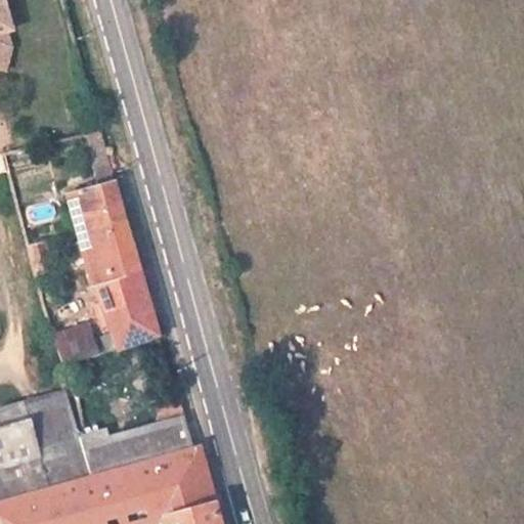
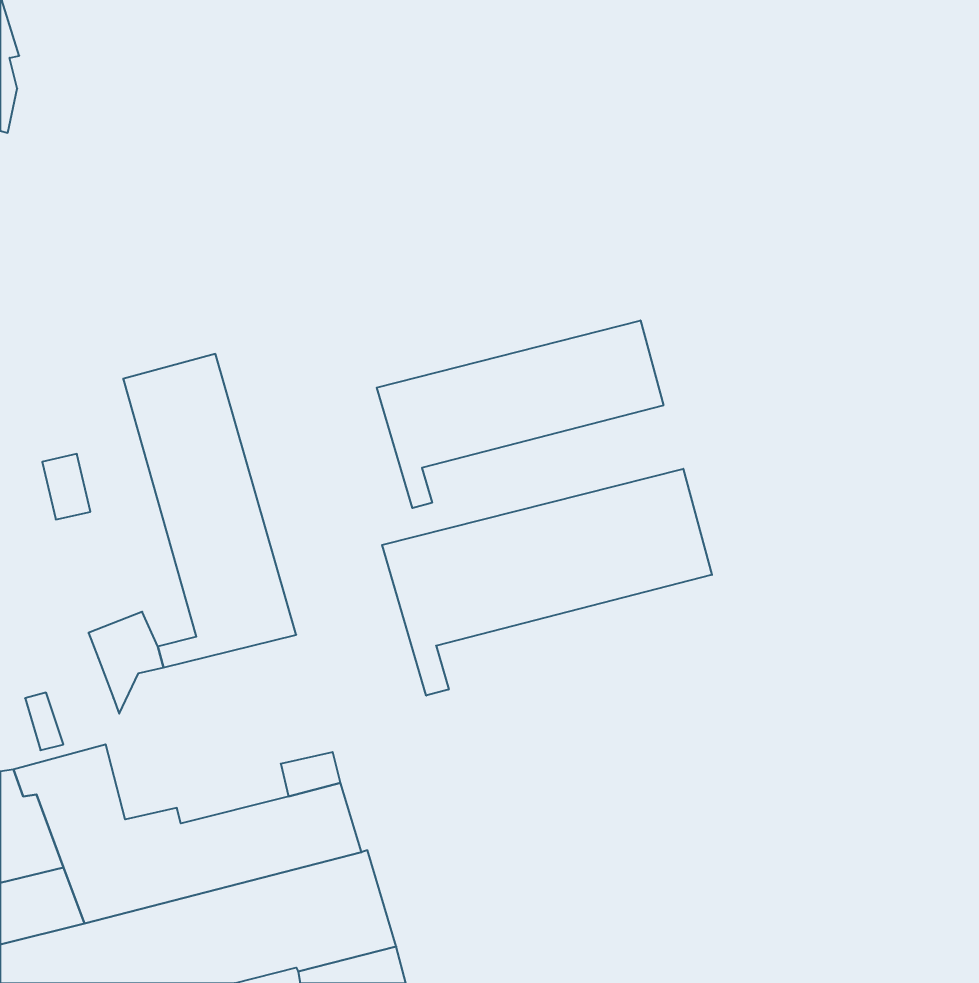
building: none -> [377,320,663,508]
building: none -> [382,469,712,696]

